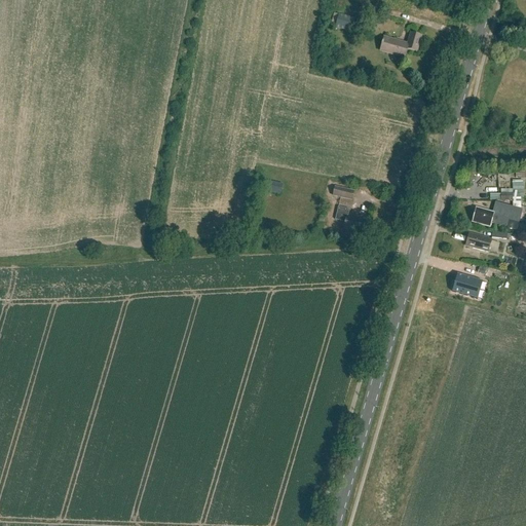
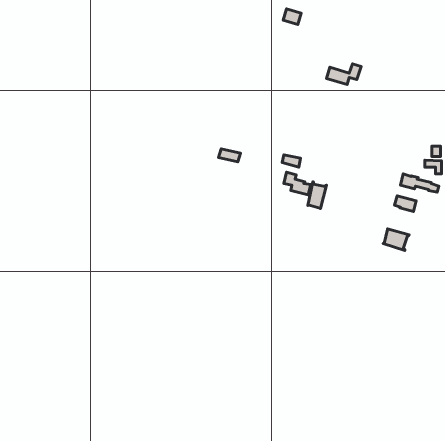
building: [380,30,421,54] -> [326,64,361,85]
building: none -> [308,182,326,209]

